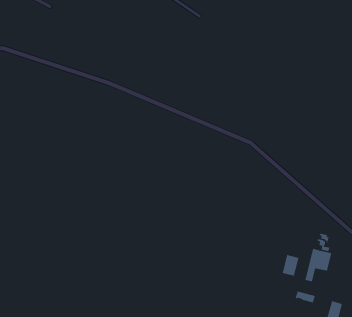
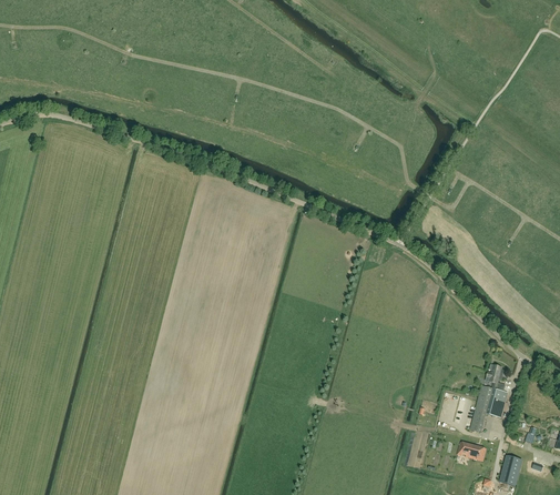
building: [282,254,300,276] -> none

